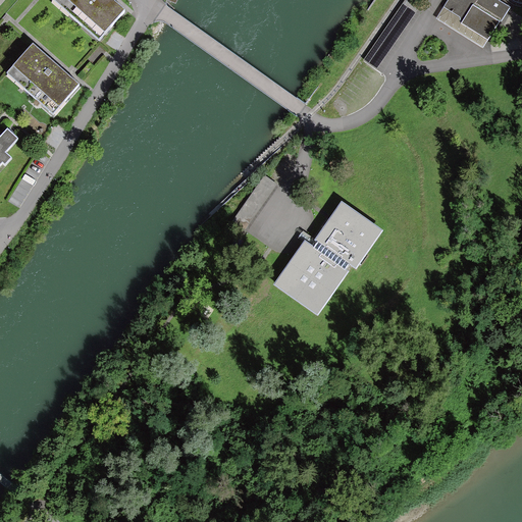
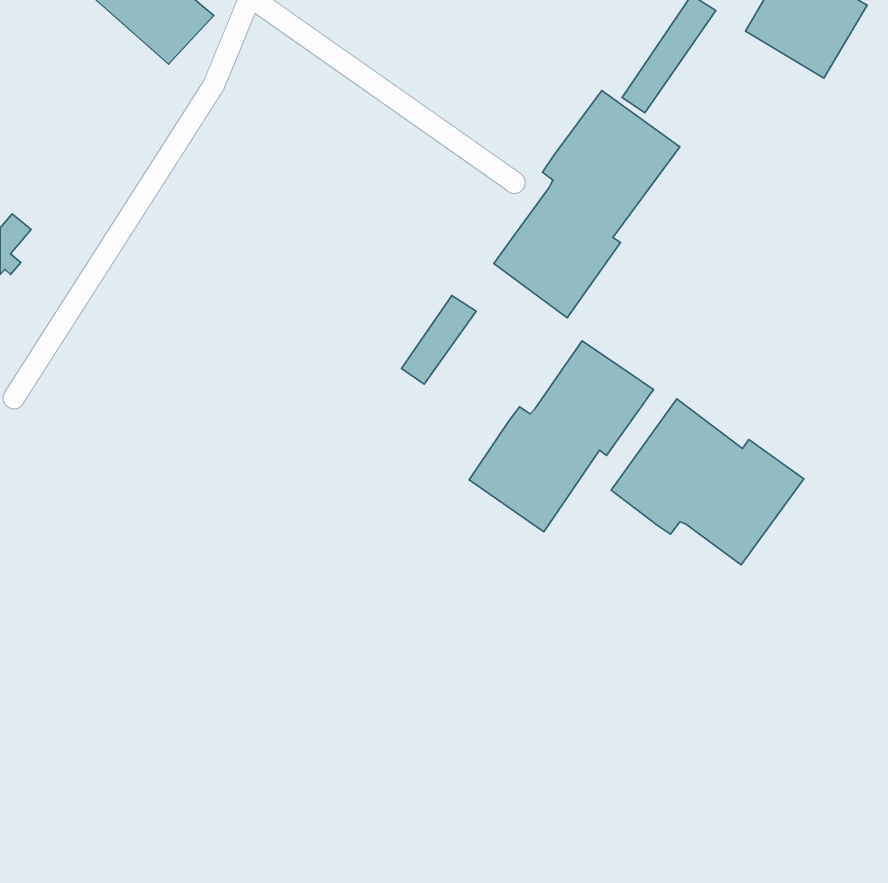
building: [6,42,80,113] -> none
building: none -> [494,90,680,318]
building: none -> [611,399,804,565]

